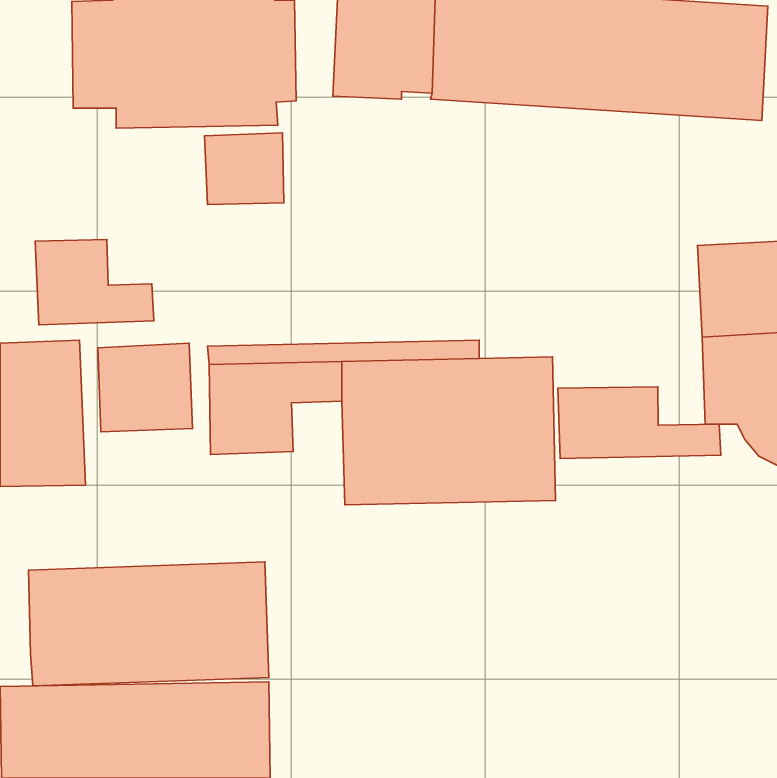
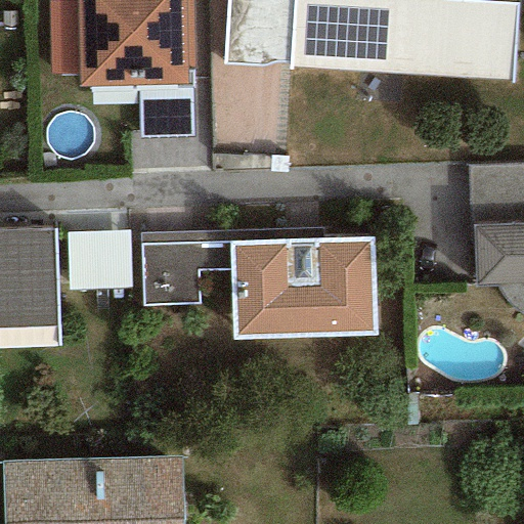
building: [35,240,154,325] -> none
building: [558,387,721,459] -> none
building: [29,562,269,686] -> none

